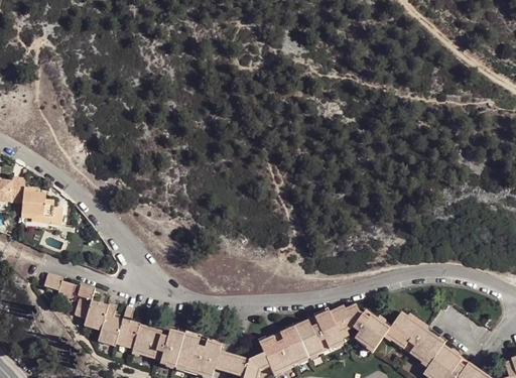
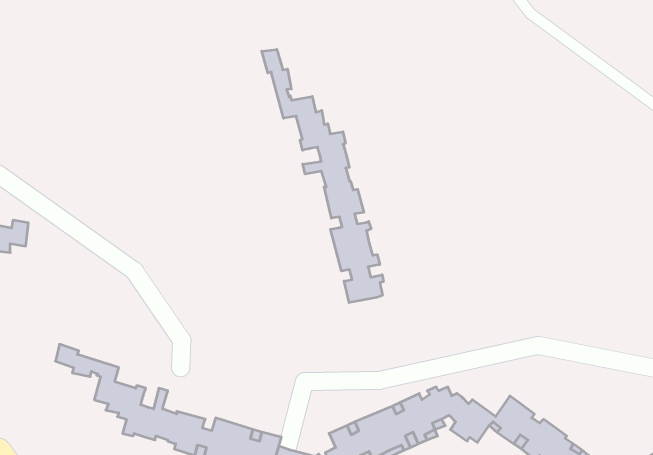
building: none -> [262,49,383,303]
building: [21,191,63,228] -> none

